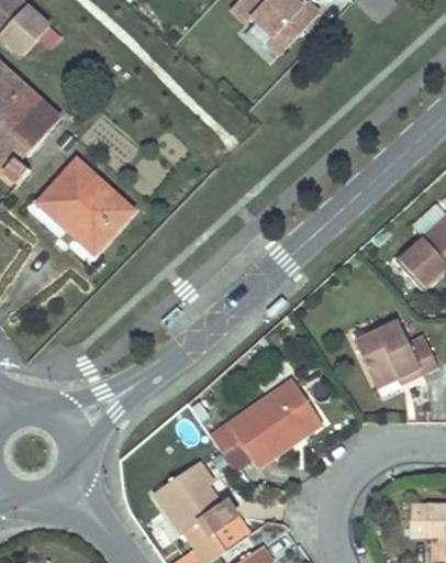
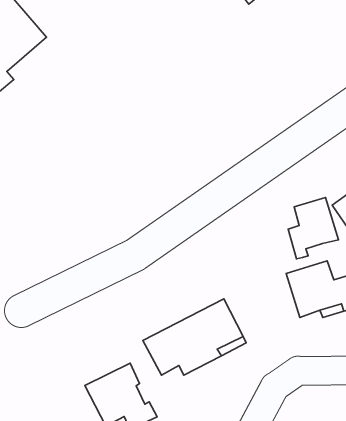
building: [38,158,134,252] -> none
building: none -> [288,198,338,259]

